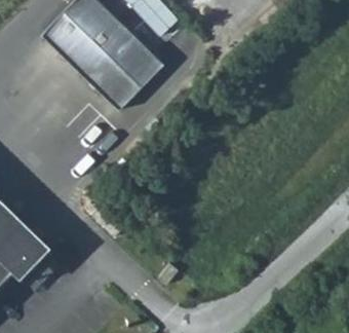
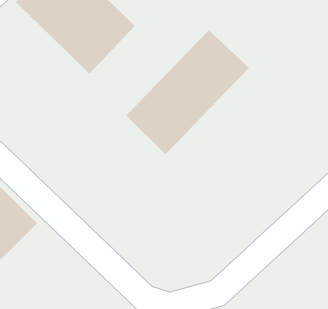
building: none -> [126,30,250,155]

